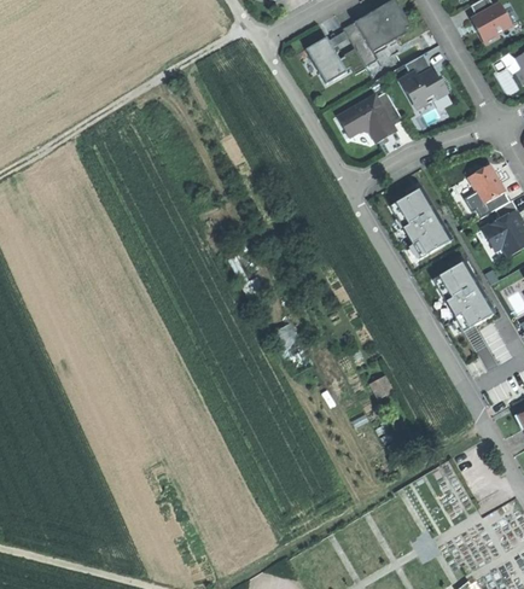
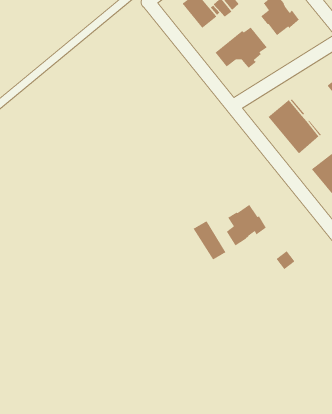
building: none -> [226,204,267,246]

